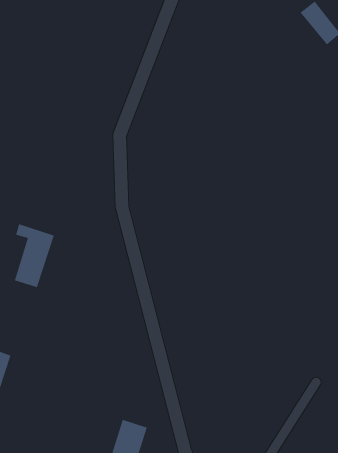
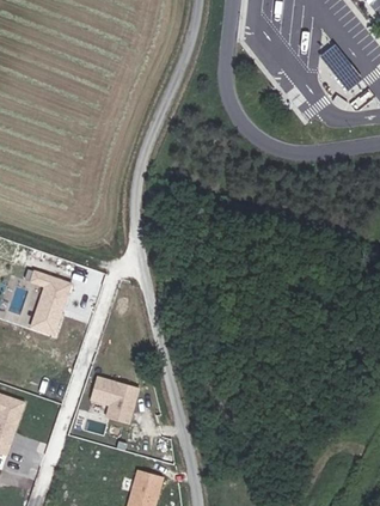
building: none -> [88,376,139,425]

